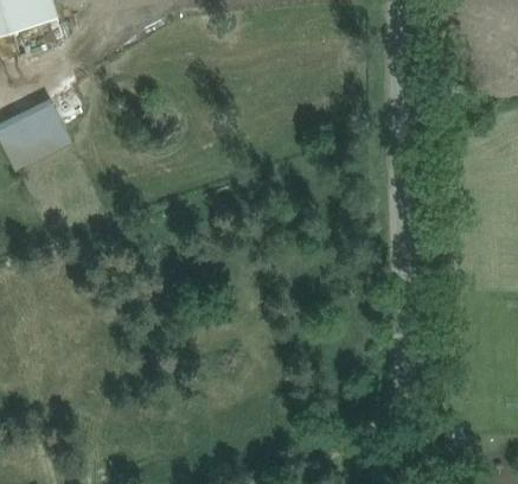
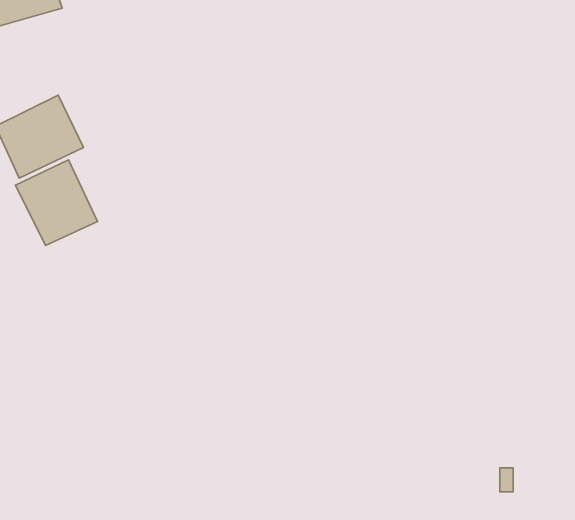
building: none -> [16,160,98,246]

